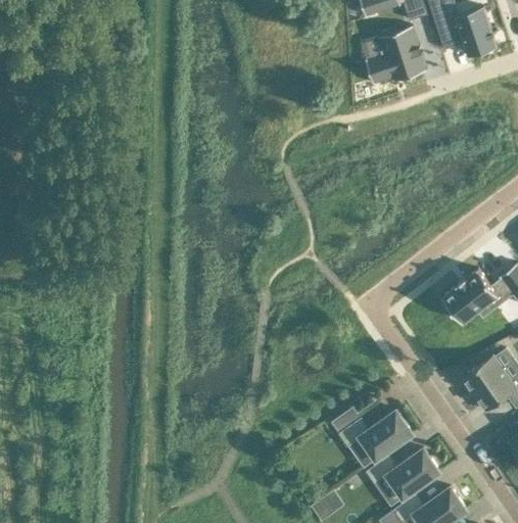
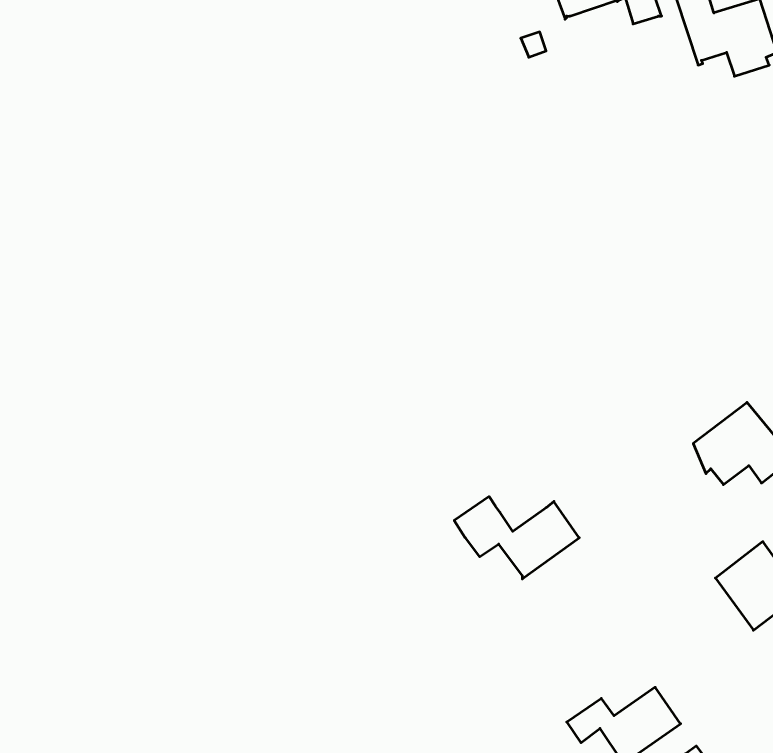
building: [365,26,427,85] -> none
building: [331,407,412,460] -> [454,497,579,579]

